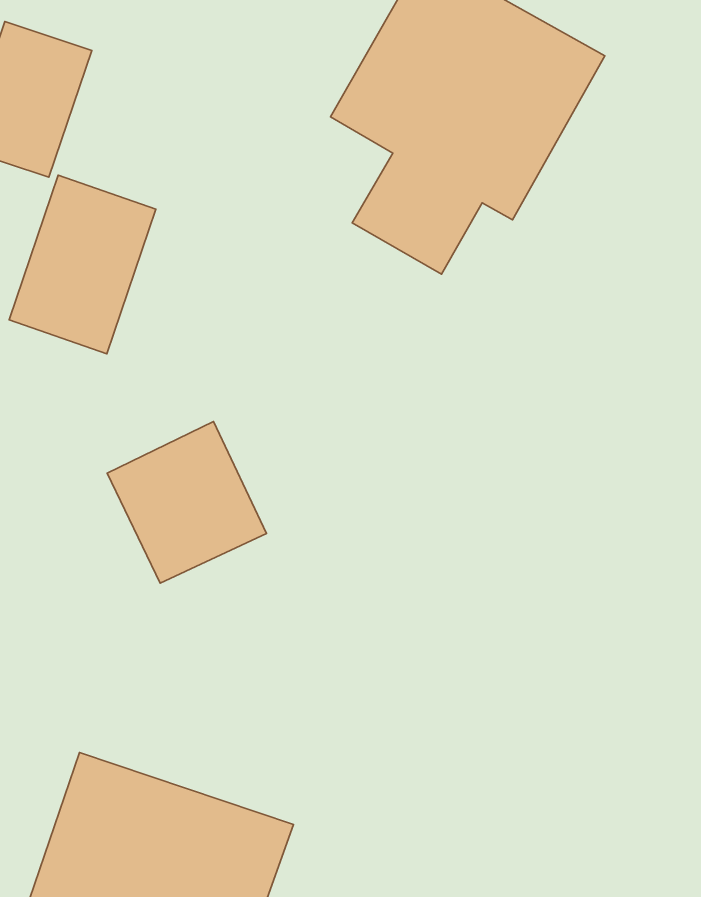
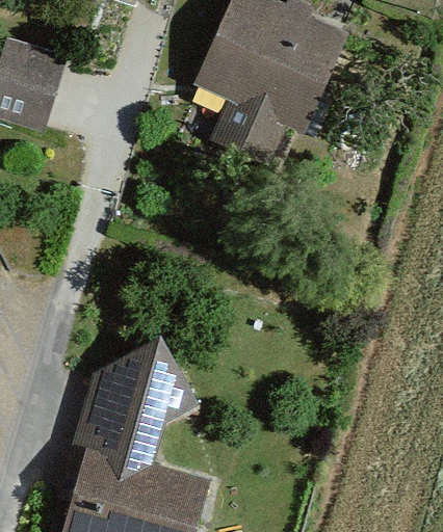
building: [9,175,156,354] -> none
building: [107,422,266,583] -> [102,339,193,431]

